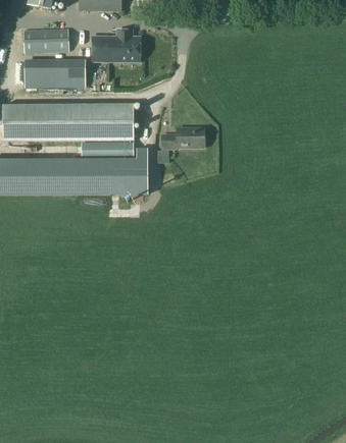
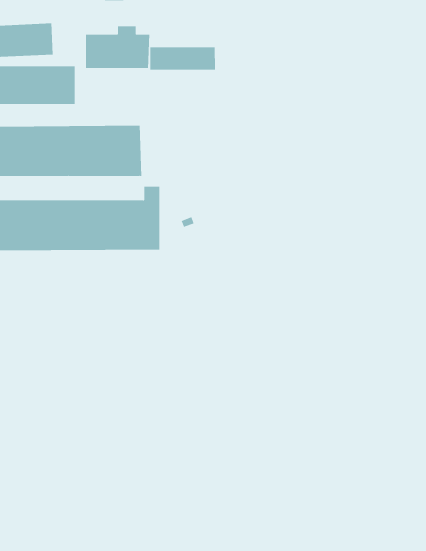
building: none -> [150,46,215,70]
building: [162,127,204,148] -> none
building: [81,141,133,157] -> none

